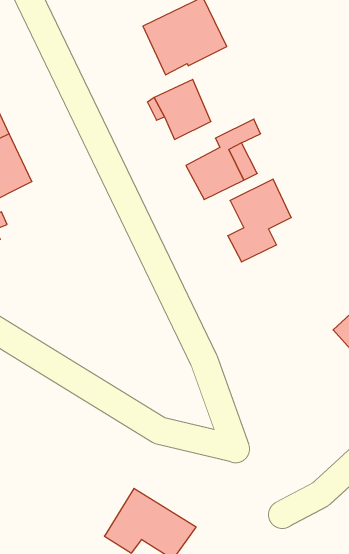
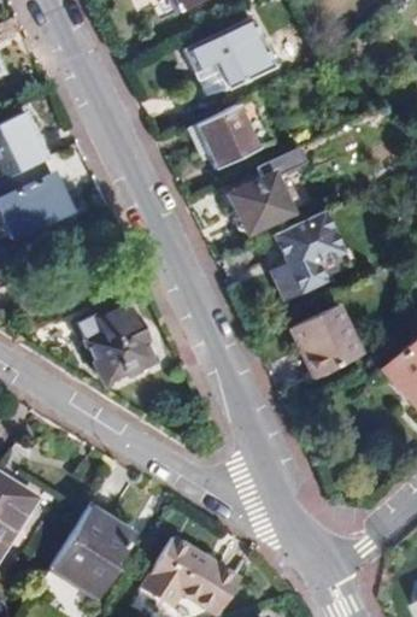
building: none -> [87,302,152,383]
building: none -> [293,307,360,378]
building: none -> [53,507,135,594]

